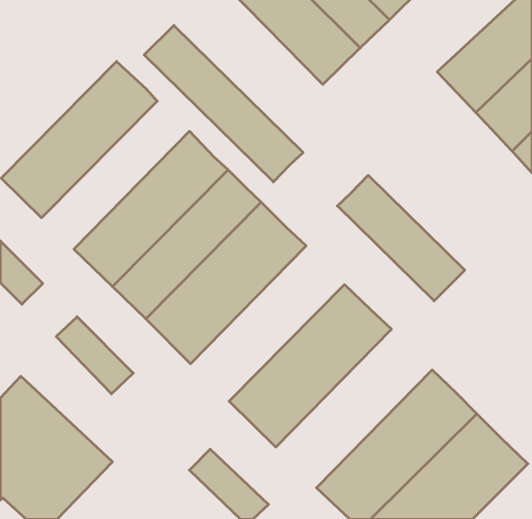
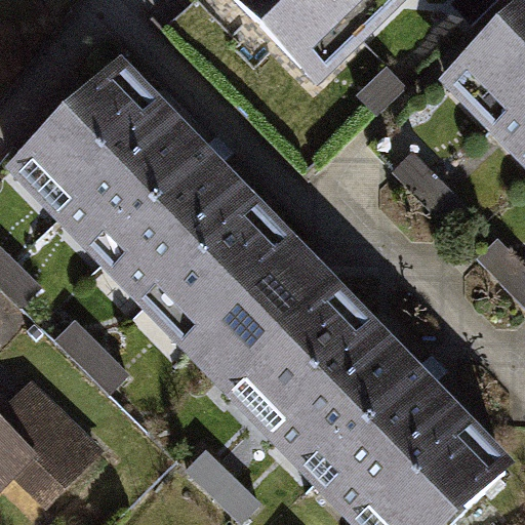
building: [144,25,303,182] -> none
building: none -> [41,99,187,245]
building: [337,175,465,301] -> none
building: none -> [188,242,339,395]
building: none -> [272,324,426,480]

